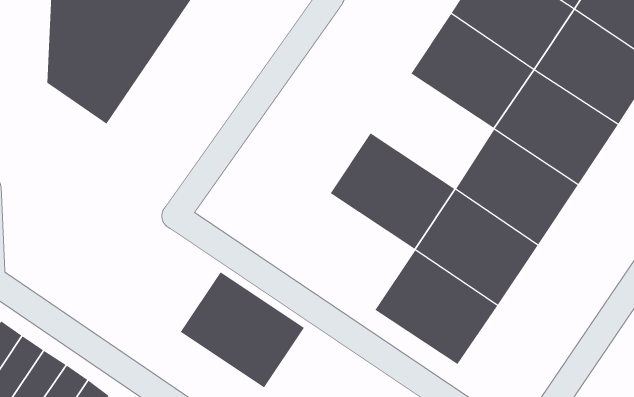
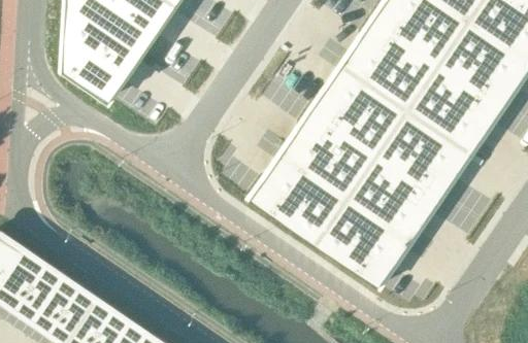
building: none -> [311,63,406,151]
building: [180,271,305,388] -> [250,155,345,244]

